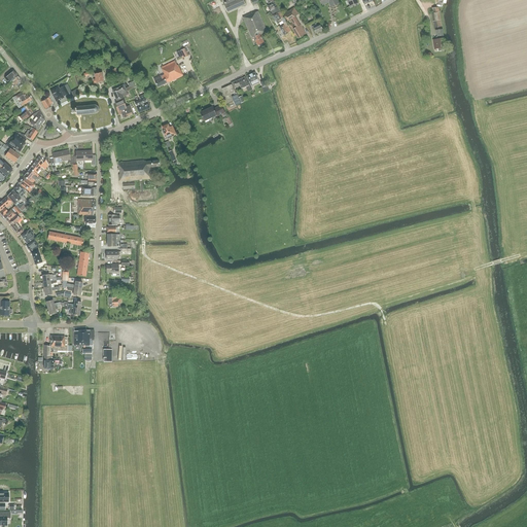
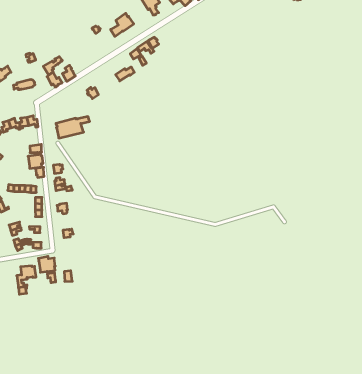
building: [152,60,182,86] -> [111,13,134,36]

